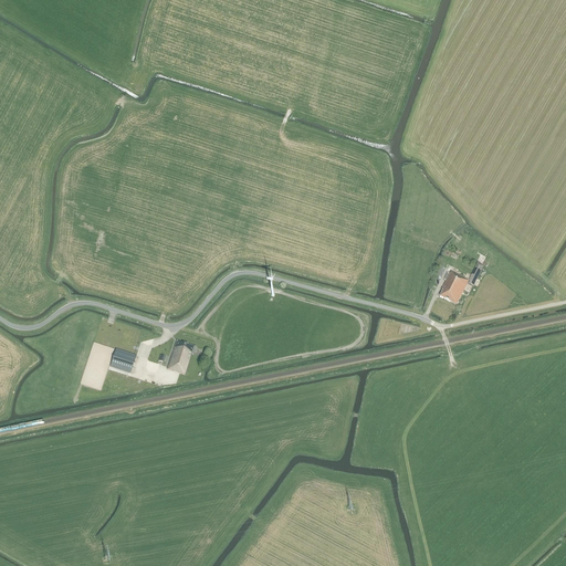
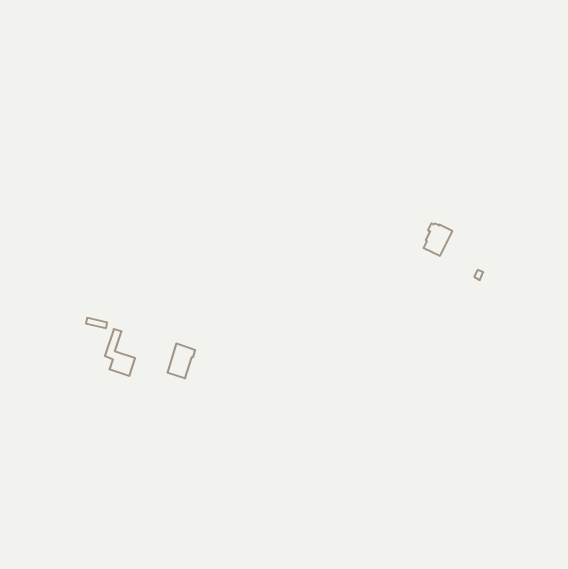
building: [438,272,467,304] -> [423,223,452,256]

